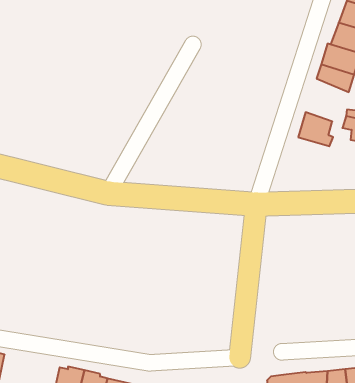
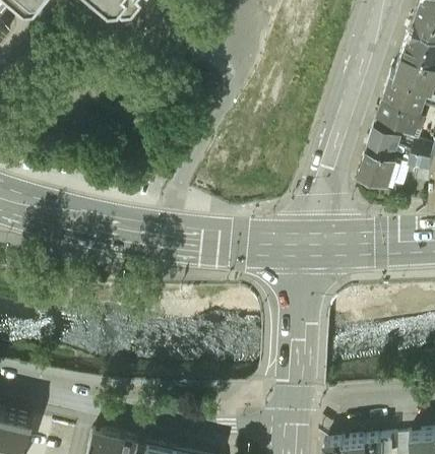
building: none -> [366,129,399,164]

